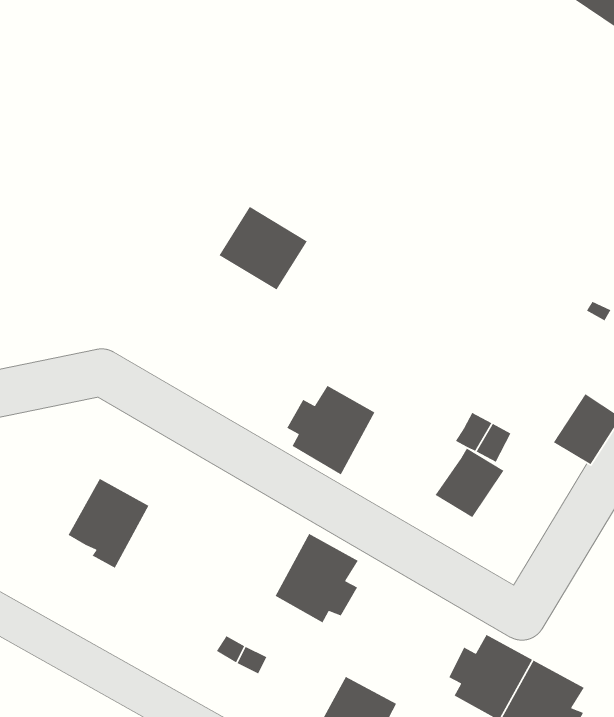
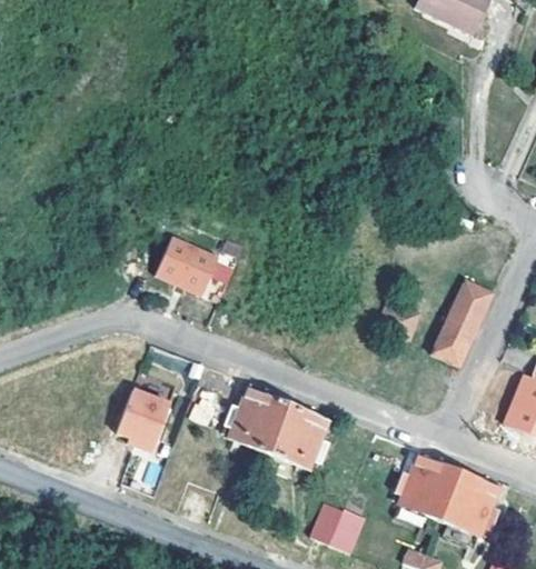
building: [219,206,308,291] -> [156,238,217,295]
building: [286,385,375,476] -> [225,390,286,452]
building: [435,448,505,518] -> [430,317,477,366]

